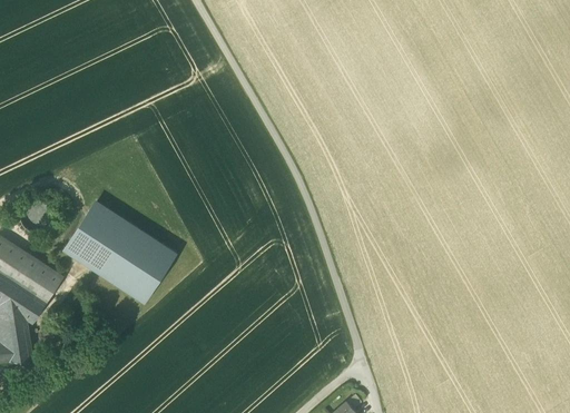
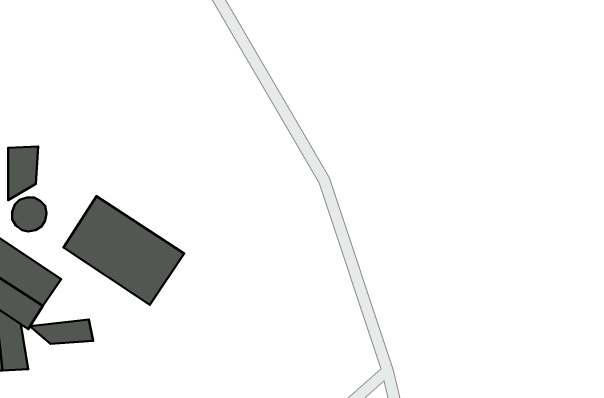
building: none -> [8,147,38,200]
building: none -> [30,319,93,344]

